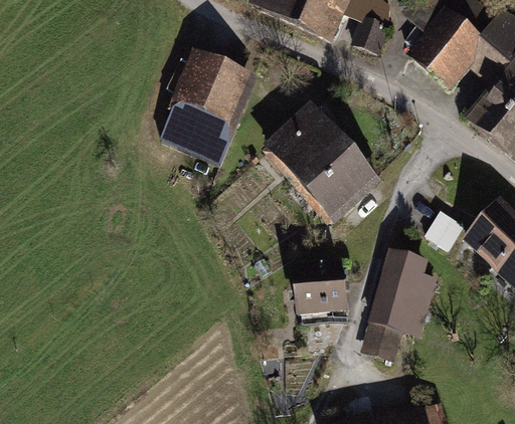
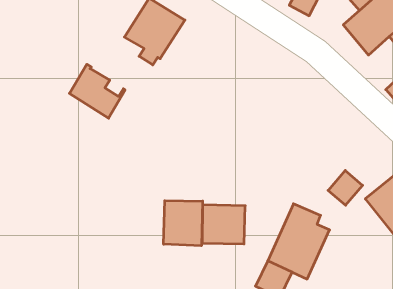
building: [164,100,223,155] -> [69,64,125,118]
building: [269,109,373,218] -> none
building: none -> [164,201,203,246]

